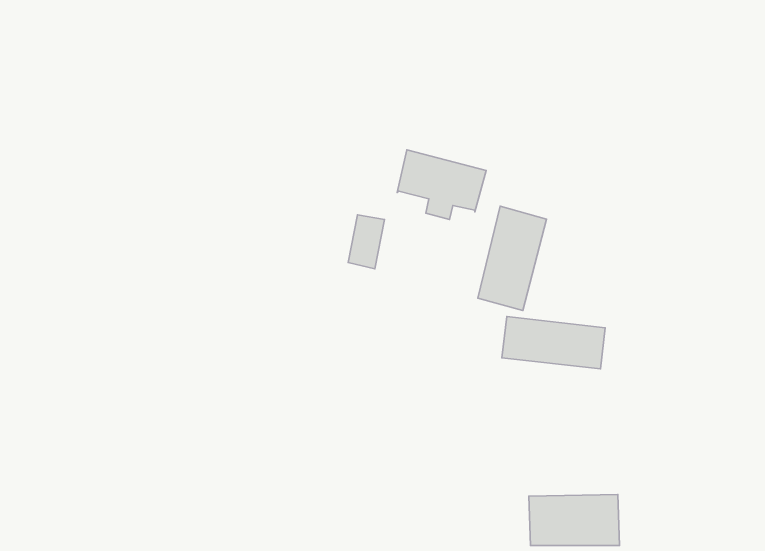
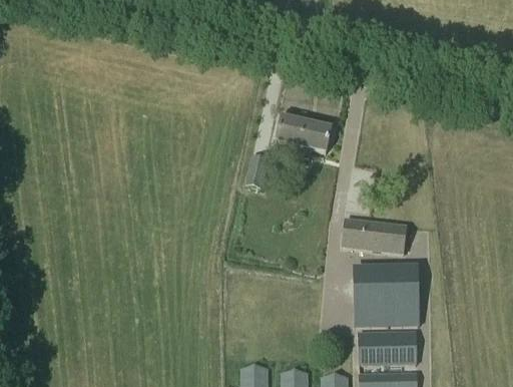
building: [478,206,547,311] -> none
building: none -> [355,271,418,324]

